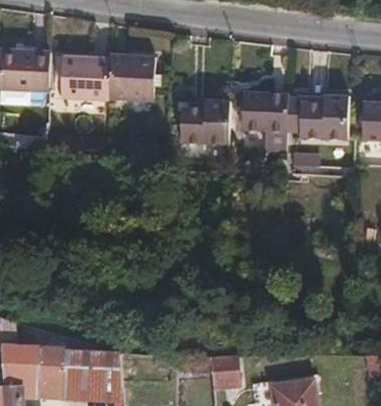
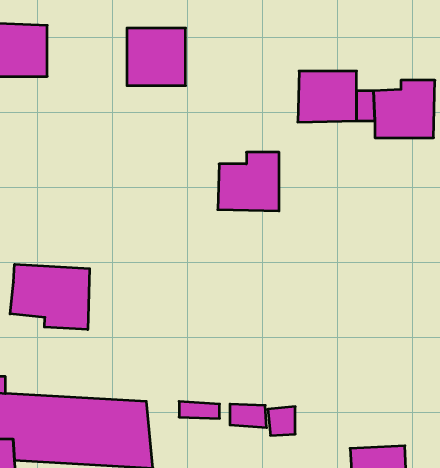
building: [59,60,107,104] -> none
building: [179,100,226,146] -> [218,152,279,211]
building: none -> [10,264,90,330]

